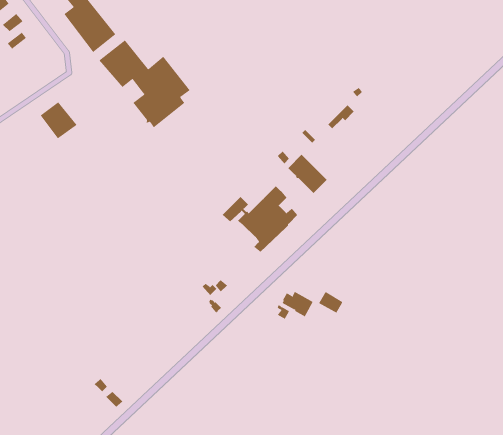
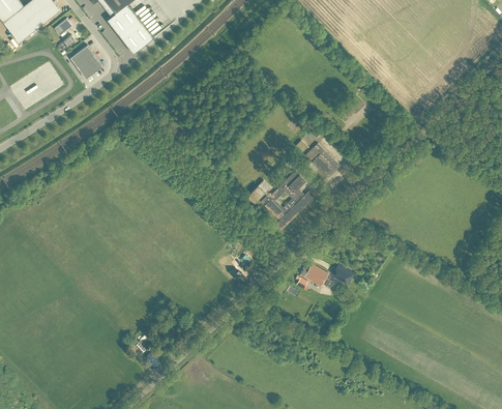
building: [99,39,190,128] -> none
building: [40,101,77,139] -> [69,46,102,79]

